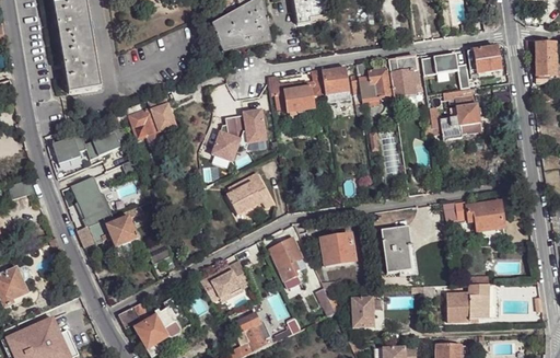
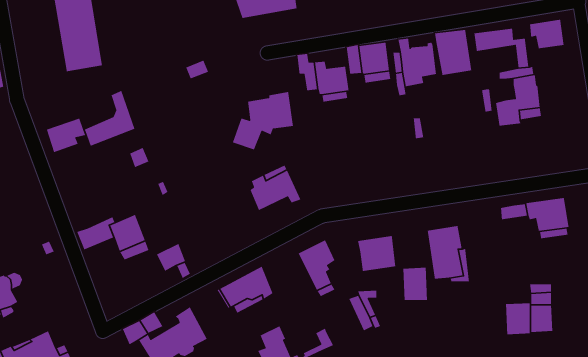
building: [129,93,177,143] -> none
building: [71,175,113,227] -> none
building: [351,297,373,326] -> [403,267,428,301]

